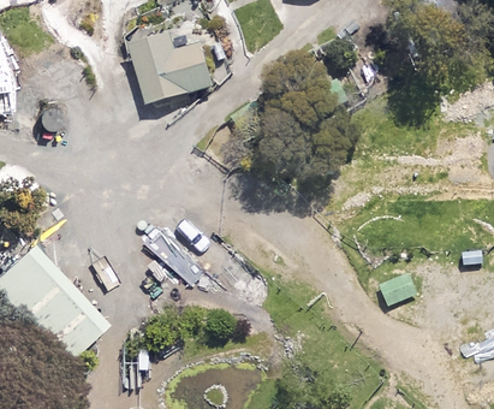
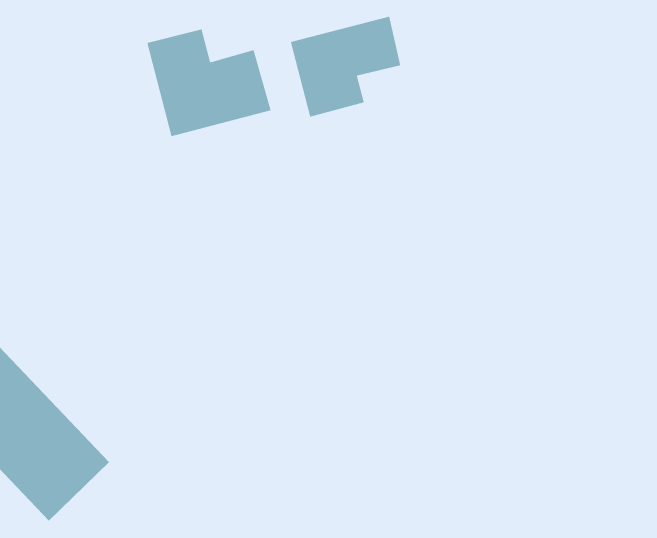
building: none -> [290,16,401,118]

